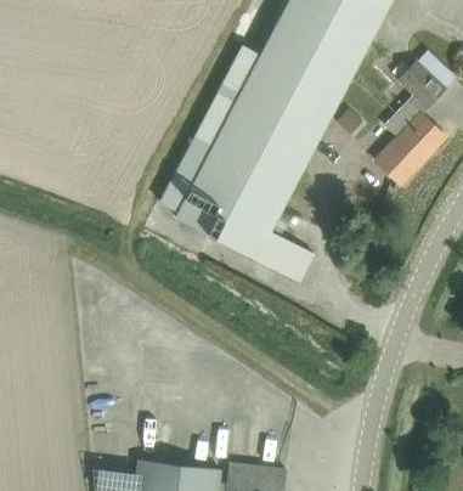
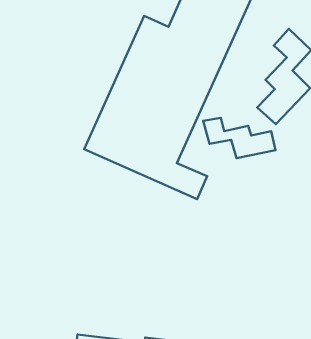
building: none -> [203,118,276,158]

